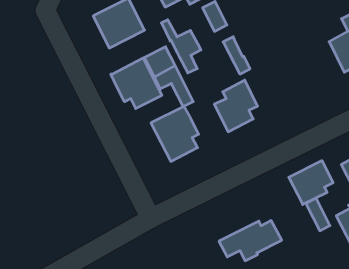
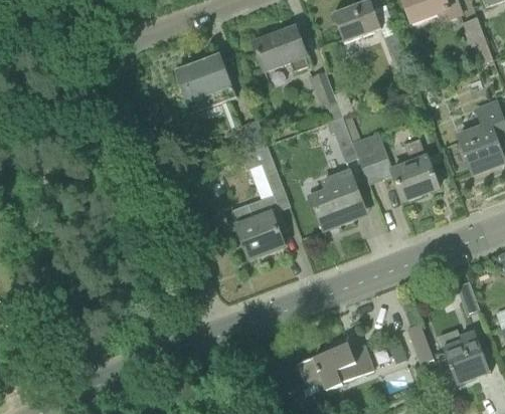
building: [161,20,201,73] -> [343,116,387,183]
building: none -> [391,138,438,200]
building: [111,58,162,109] -> none
building: [289,161,333,205] -> none

